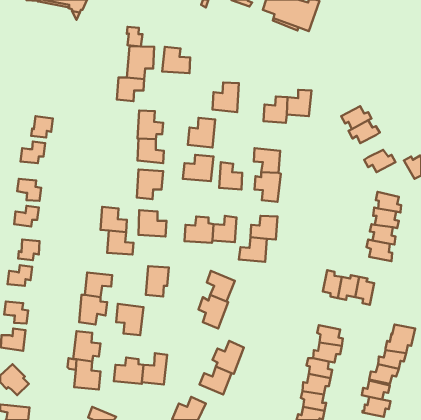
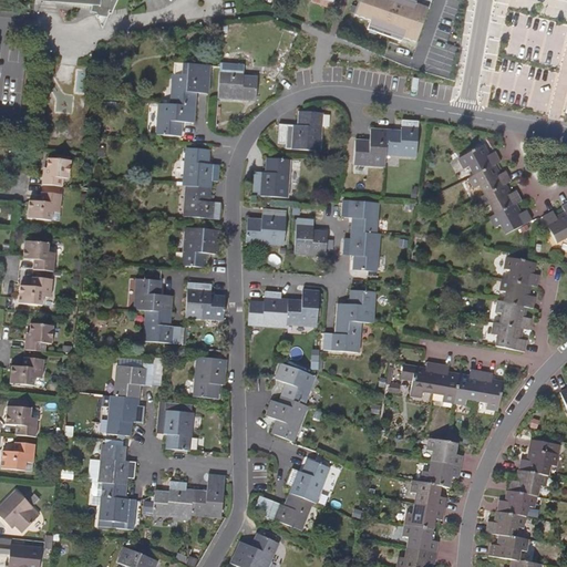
building: [127,27,142,47] -> none
building: none -> [480,182,520,212]
building: none -> [401,361,440,395]

